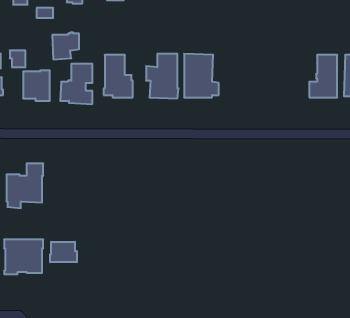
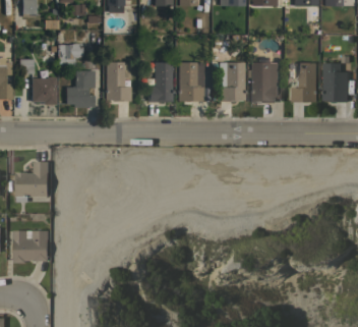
building: none -> [219,62,245,101]
building: none -> [251,62,278,102]
building: [50,242,77,262] -> none

